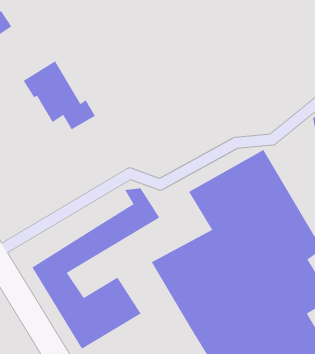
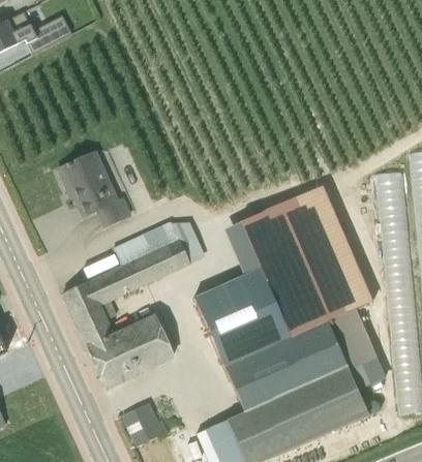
building: [23,60,96,130] -> [56,150,129,226]
building: none -> [111,220,176,265]

